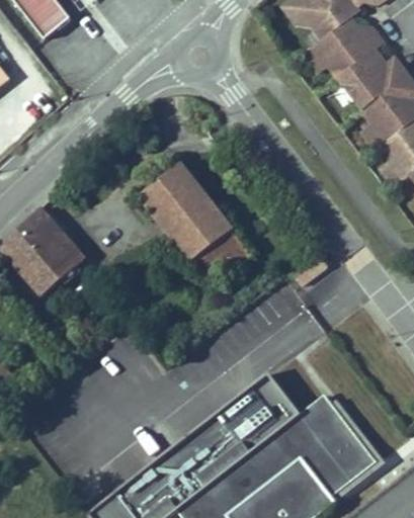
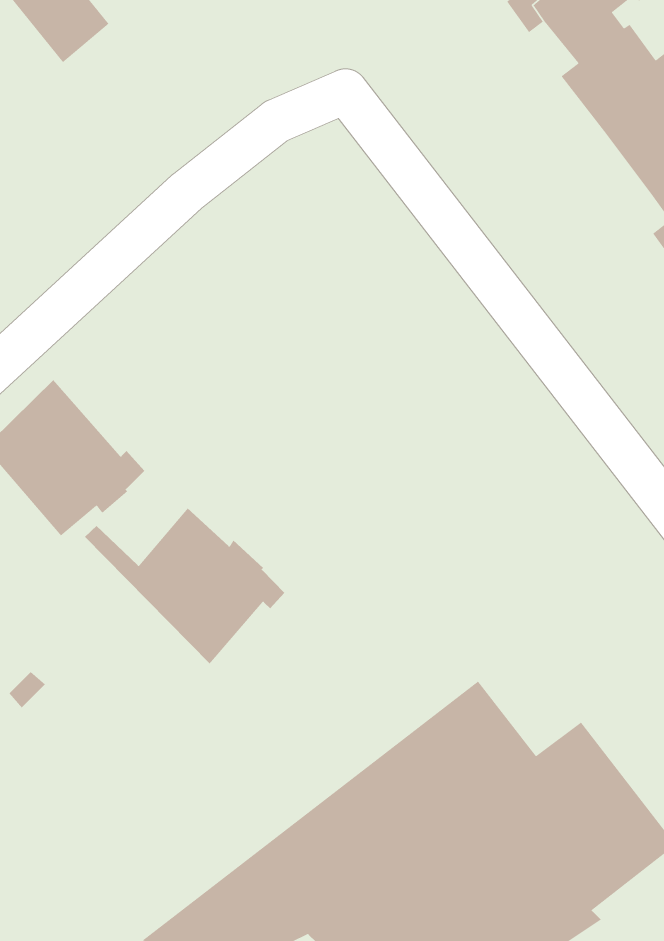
building: [141,164,251,284] -> none
building: none -> [84,507,285,665]

